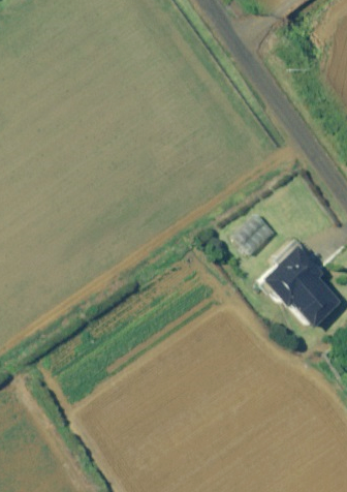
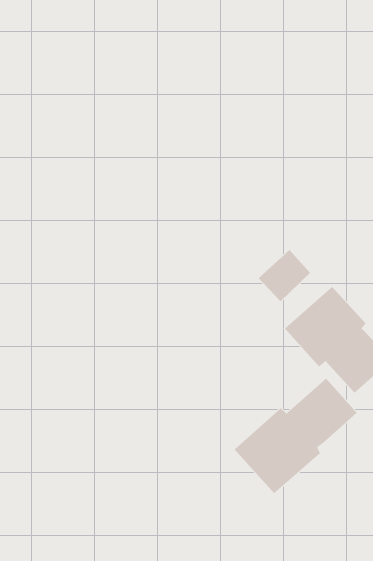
building: none -> [234,378,358,494]

